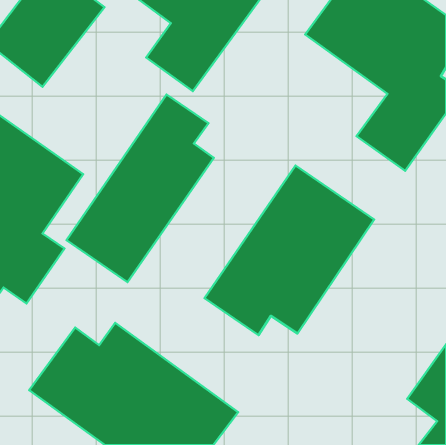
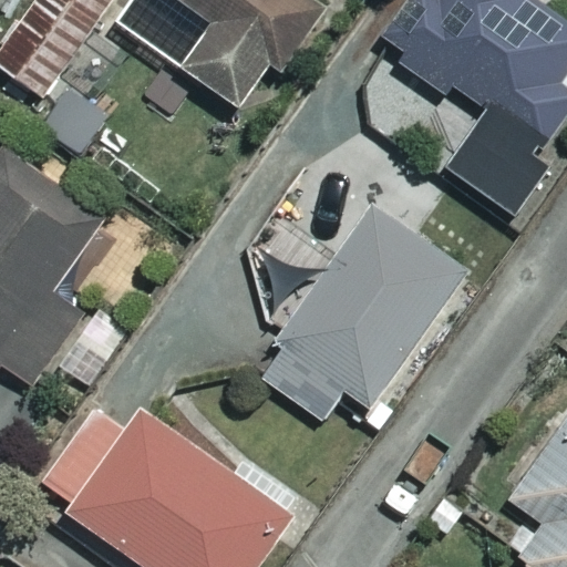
building: [66,94,214,282] -> none

